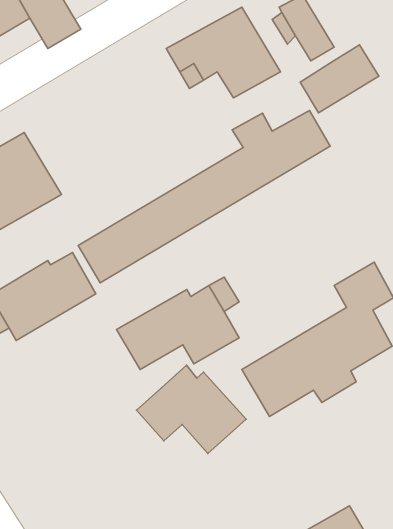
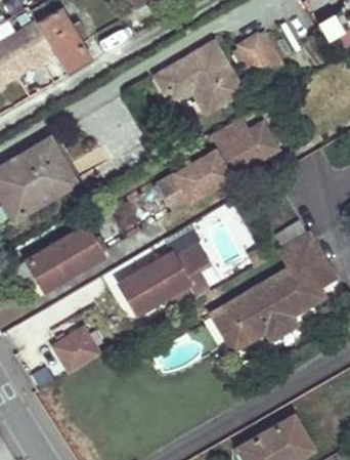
building: [300,45,379,113] -> none
building: [136,365,246,453] -> none
building: none -> [52,325,101,373]

